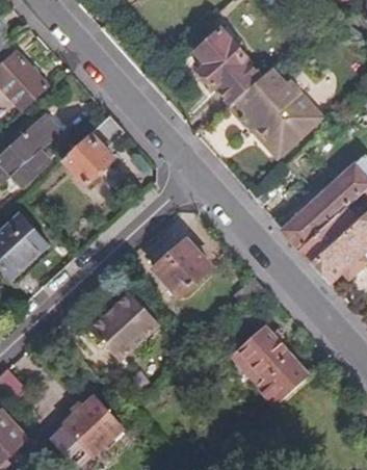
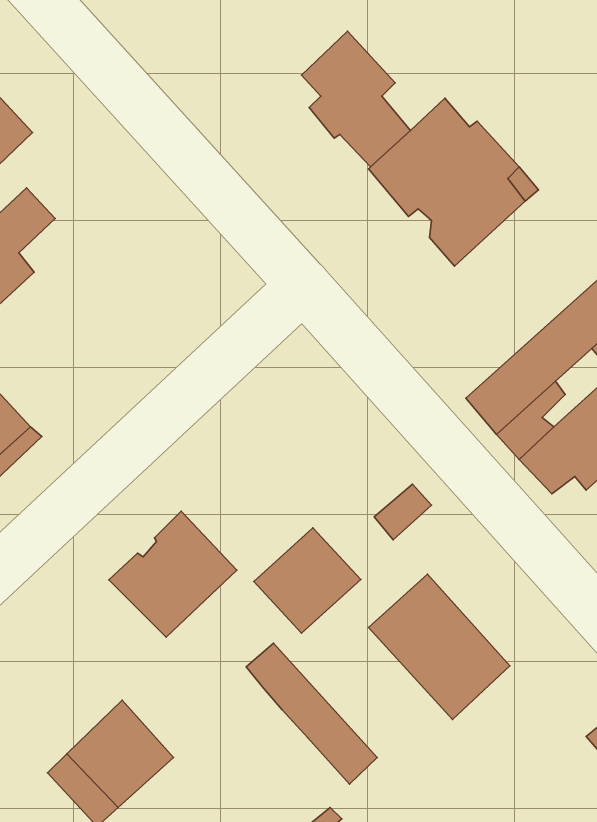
building: [62,114,123,186] -> none
building: [153,239,211,296] -> [254,528,361,633]
building: none -> [246,643,377,784]

